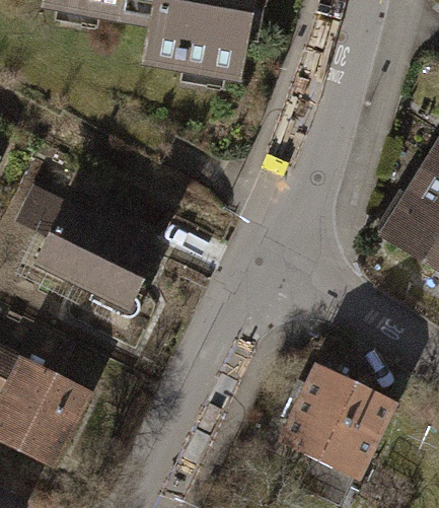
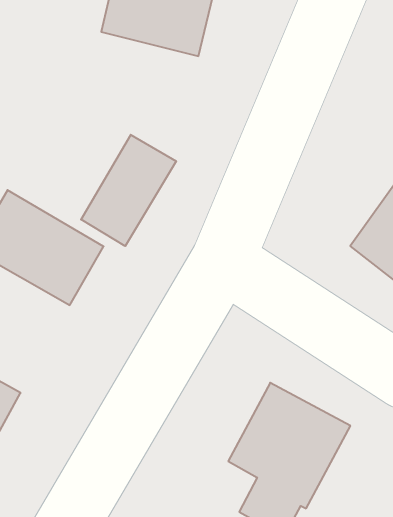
building: none -> [81,135,176,246]

